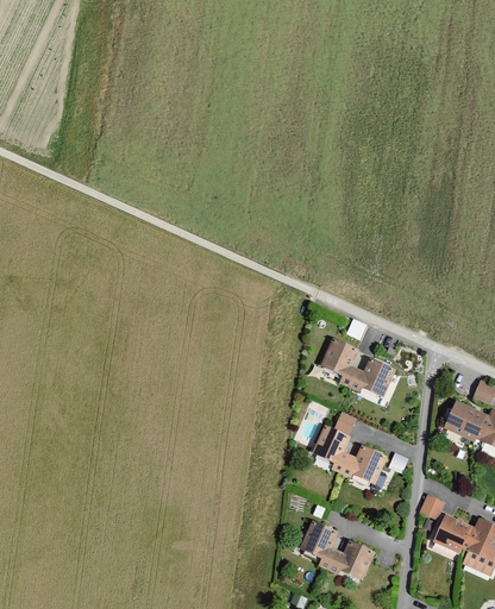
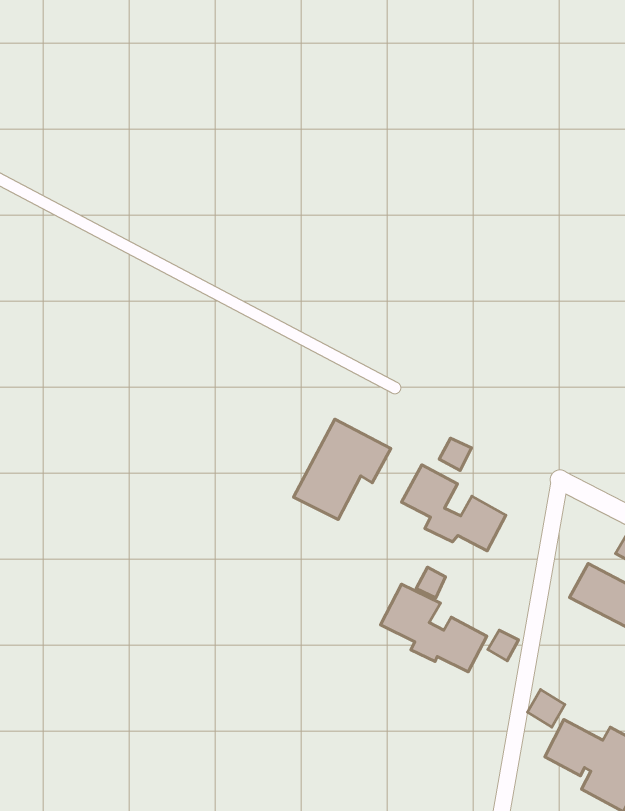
building: none -> [294,419,391,519]
building: [300,522,375,579] -> none

